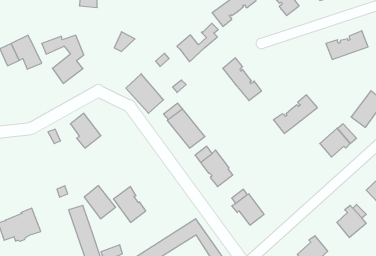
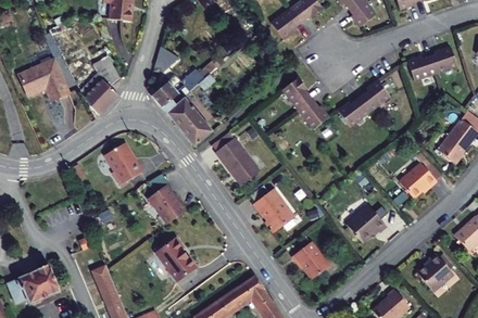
building: [177,23,218,62] -> [150,67,200,114]
building: [273,95,317,133] -> [338,79,391,126]
building: none -> [348,205,388,243]
building: [84,186,116,219] -> [143,182,181,222]

